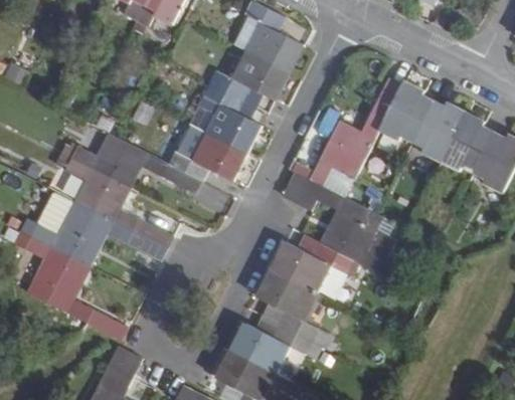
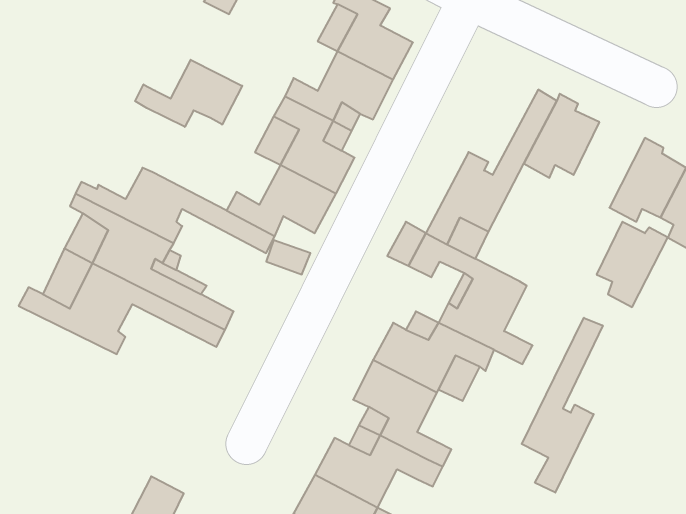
building: none -> [135,60,242,127]
building: [413,101,464,161] -> [597,222,668,307]
building: [14,230,126,338] -> none
building: none -> [522,318,603,493]

